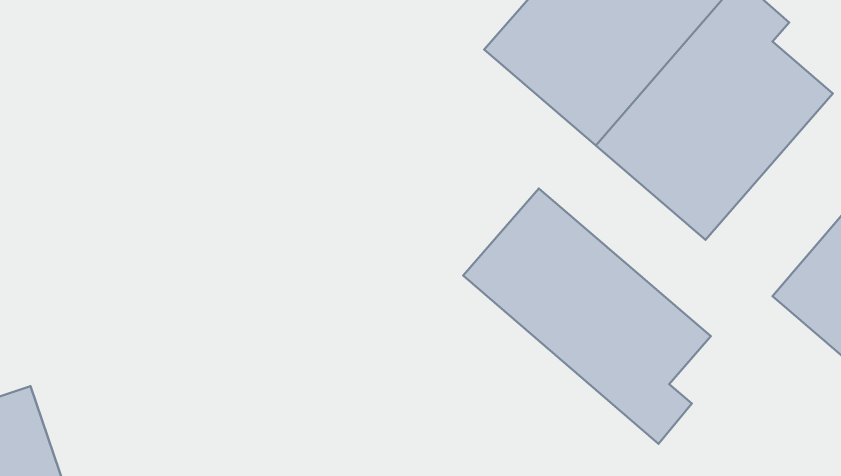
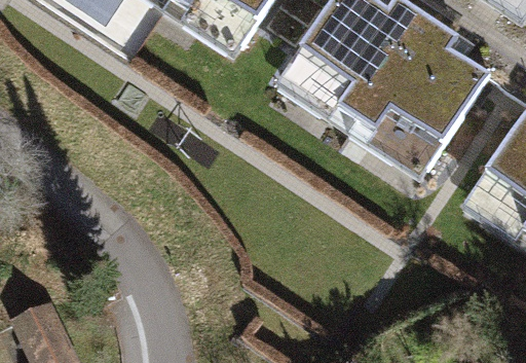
building: [463,189,711,444] -> none

